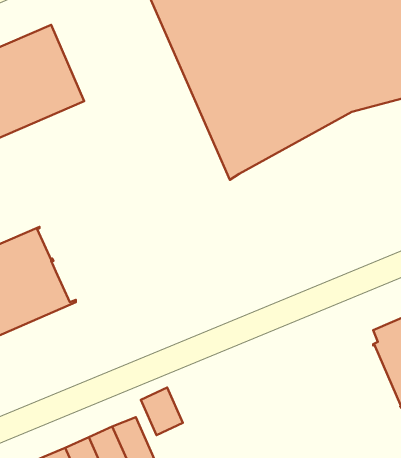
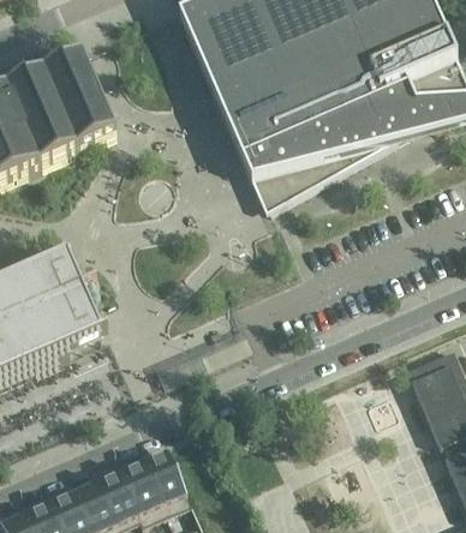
building: [141,387,183,435] -> none

